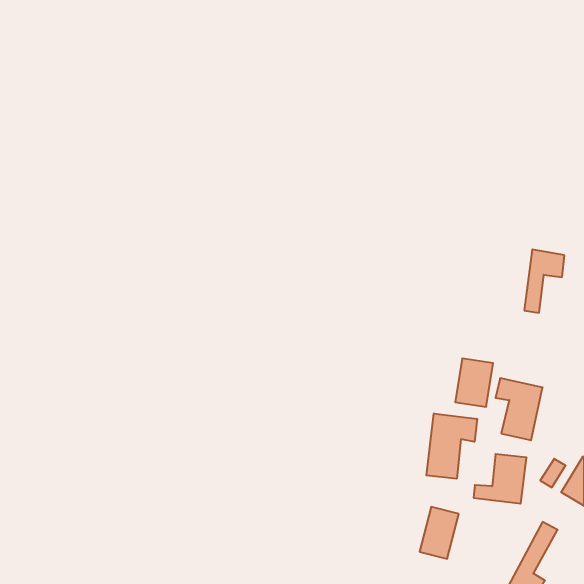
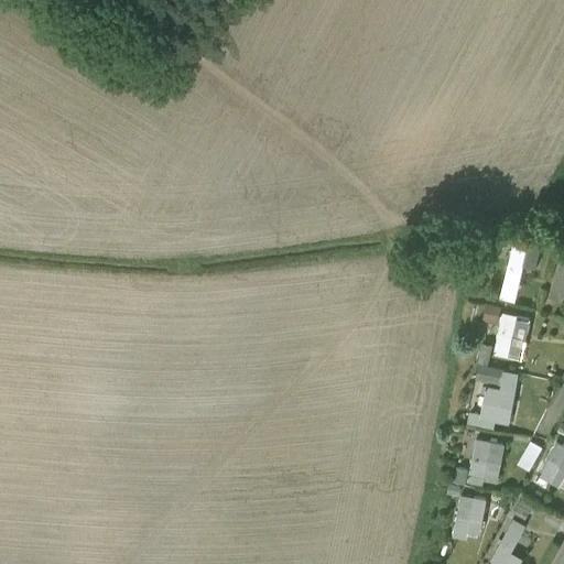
building: [455,359,493,407] -> [494,315,530,361]
building: [426,413,477,479] -> none
building: [420,507,459,559] -> [451,494,488,543]

